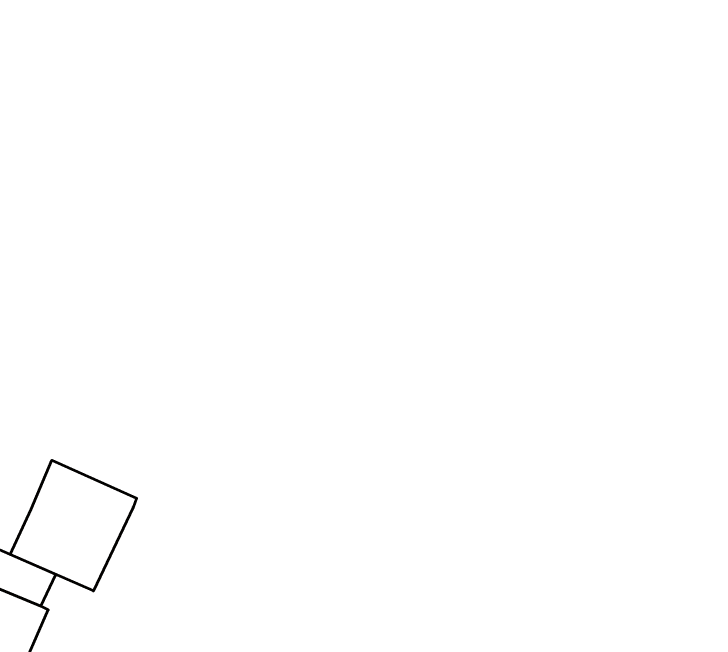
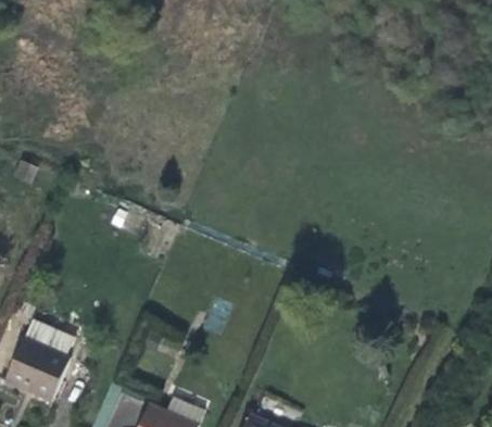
building: [10,460,137,591] -> none

